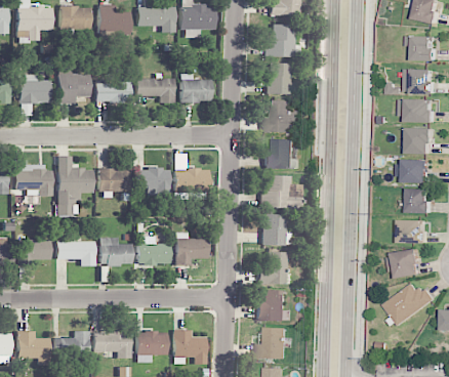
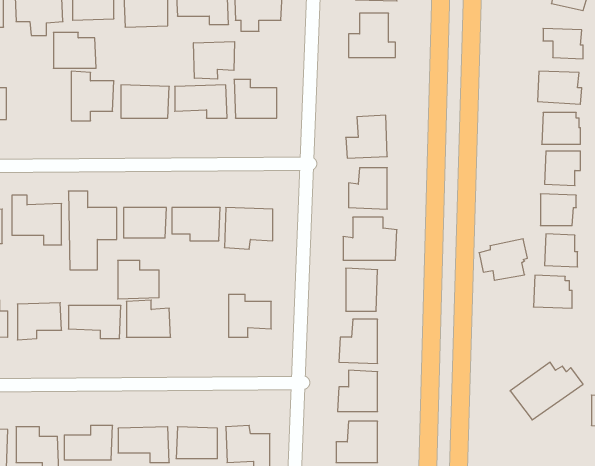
building: none -> [194,42,234,79]
building: [268,64,290,94] -> none
building: [19,77,51,103] -> [53,32,96,68]
building: [138,237,169,265] -> [118,260,159,299]
building: [389,248,424,279] -> [479,239,527,280]

